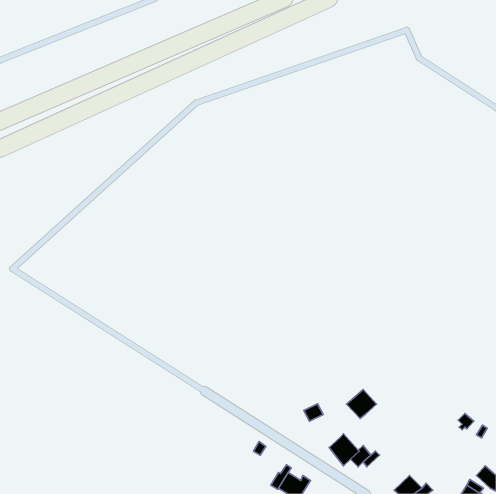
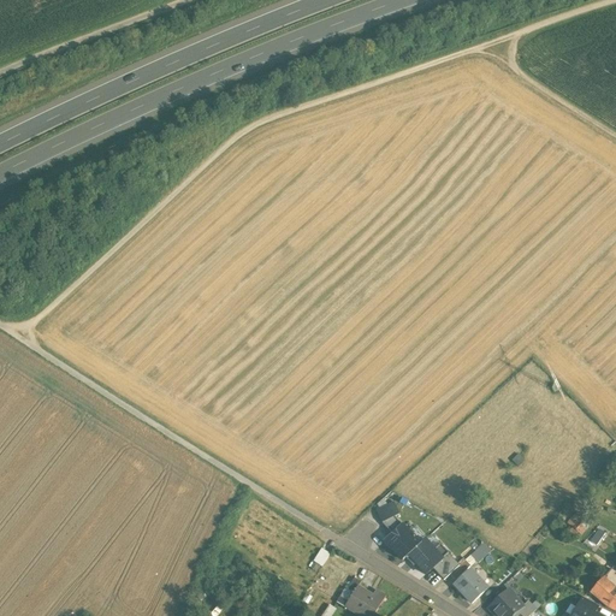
building: [347,389,377,419] -> [384,525,421,561]
building: none -> [455,569,487,602]

